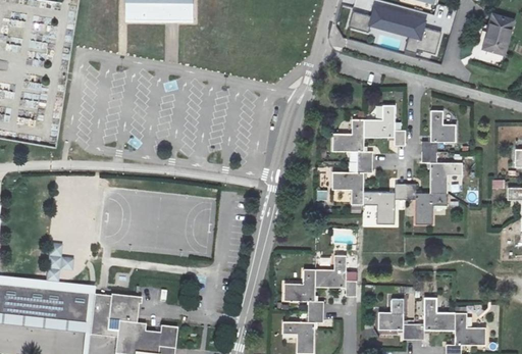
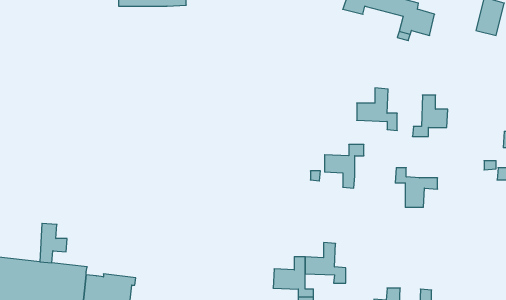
building: [333,119,372,161] -> none
building: [421,153,461,195] -> none
building: [362,185,405,223] -> none

